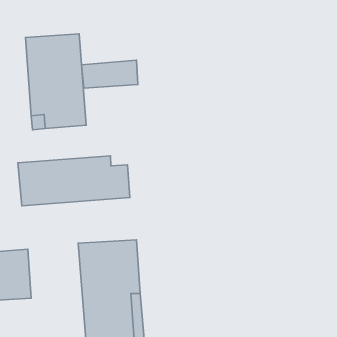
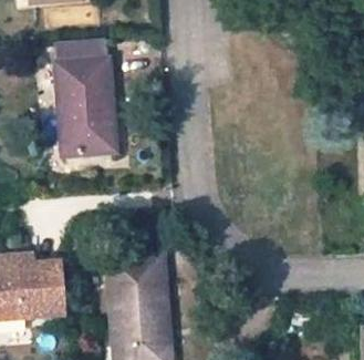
building: [82,60,138,88] -> [56,40,110,66]
building: [18,156,130,206] -> none

